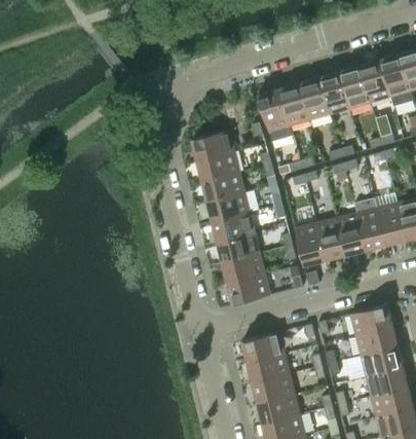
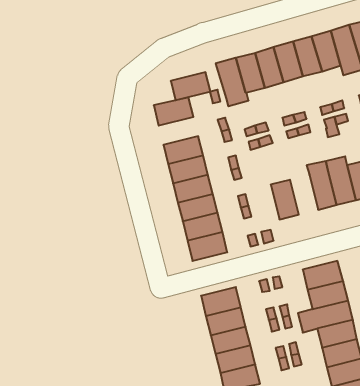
building: [197,151,239,181] -> [171,72,210,100]
building: [337,213,367,255] -> none
building: [295,223,326,265] -> none

